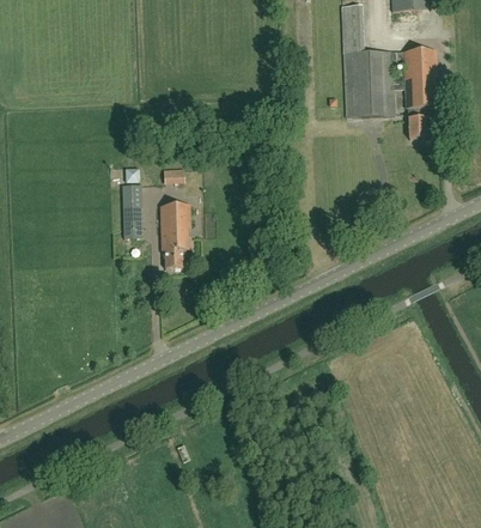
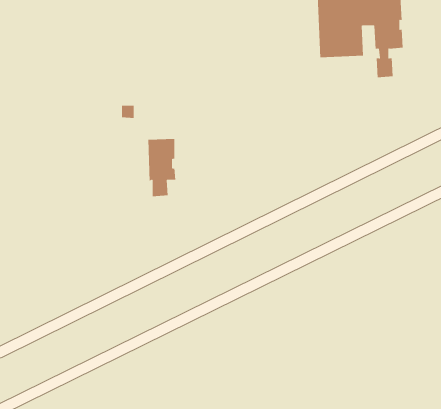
building: [122,184,142,237] -> none

